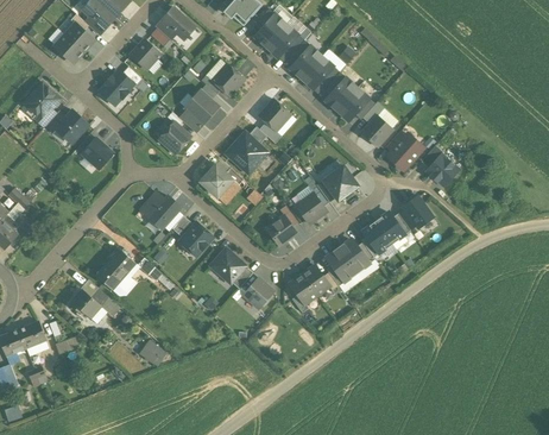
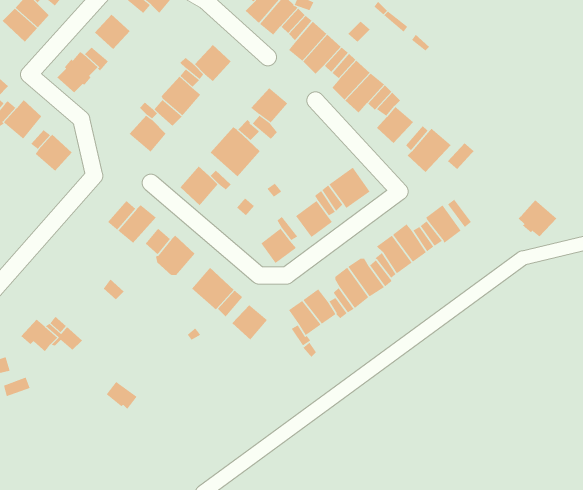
building: [425,155,457,185] -> [518,200,557,237]
building: [95,248,135,290] -> none

